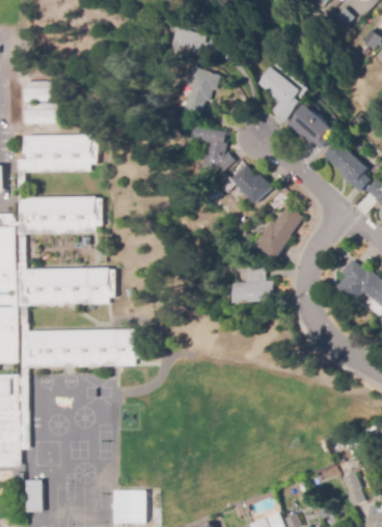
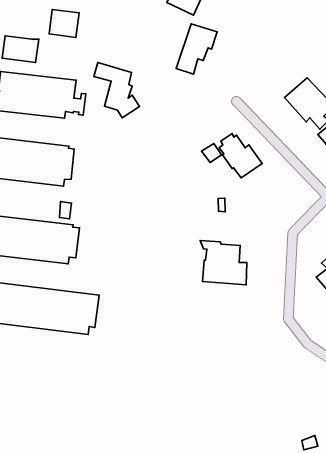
building: [258,67,301,120] -> none
building: [23,79,48,102] -> [49,9,79,37]
building: [190,126,236,173] -> [94,62,140,118]
building: [254,205,303,259] -> none

